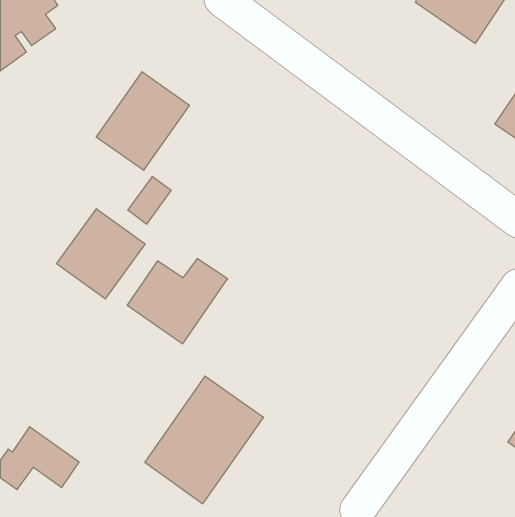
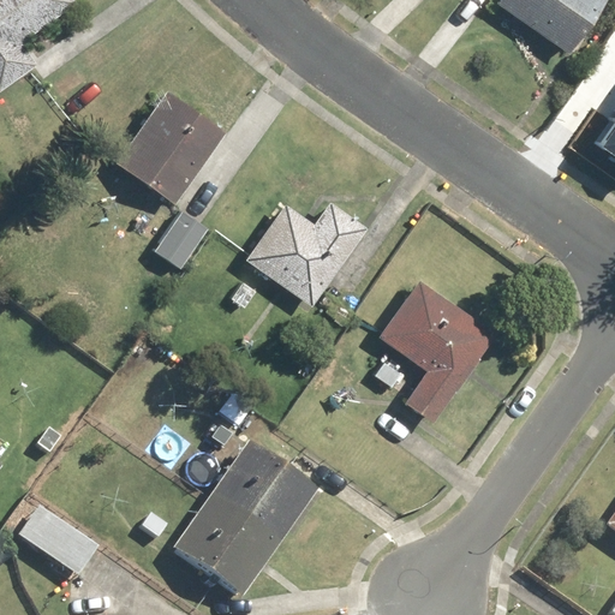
building: [57,209,145,299] -> none
building: none -> [345,279,496,420]
building: [127,259,228,344] -> [246,202,365,303]

